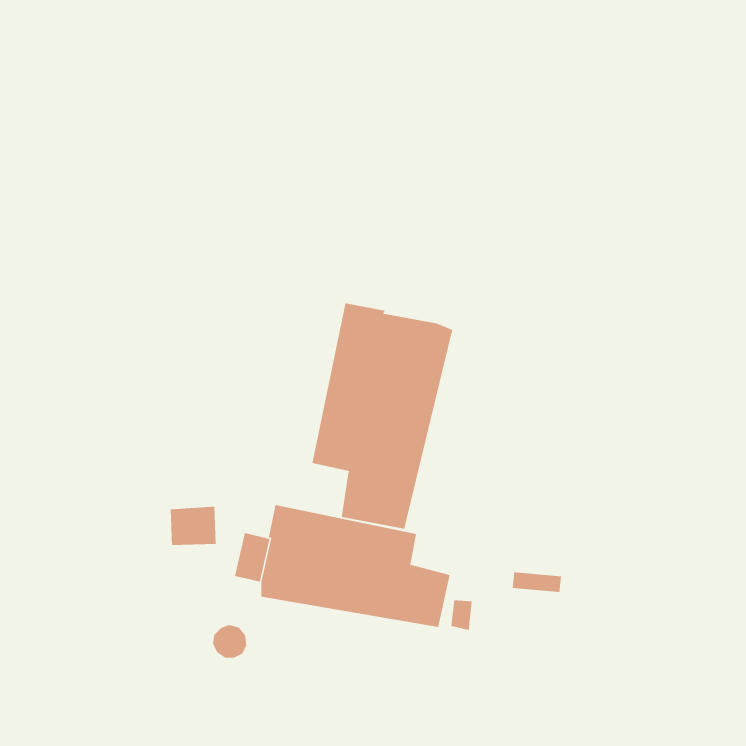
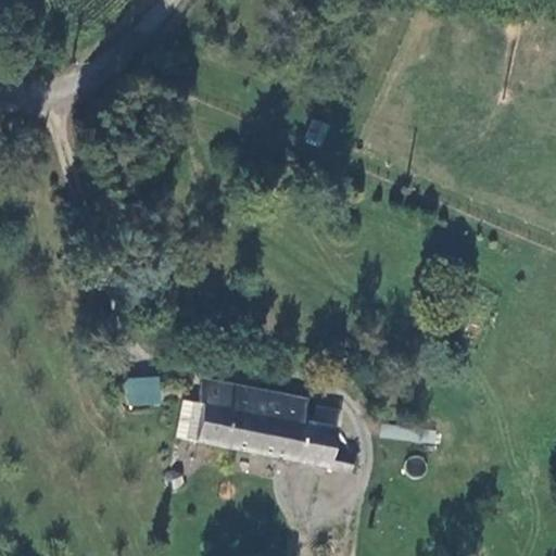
building: [312,302,453,530] -> none

